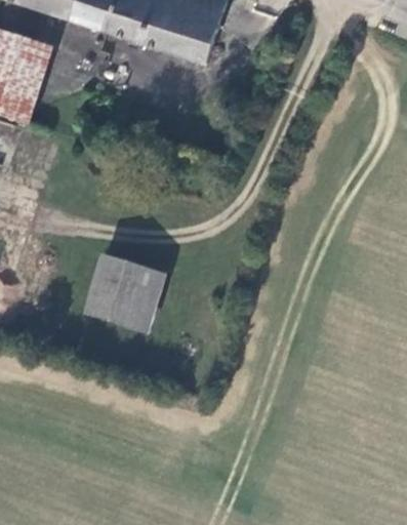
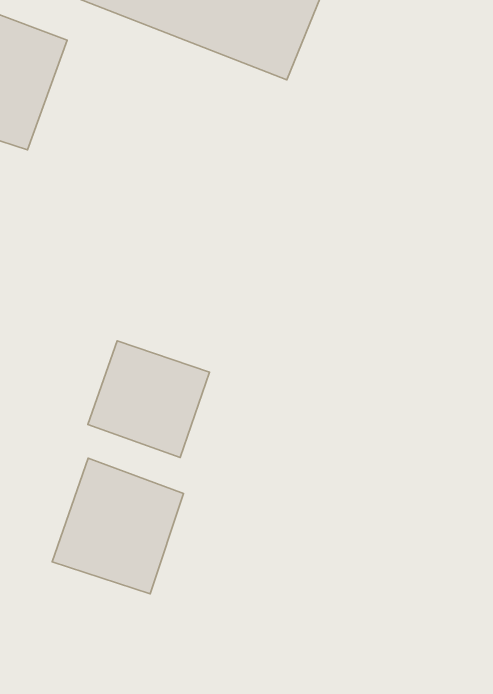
building: none -> [52,458,184,594]

